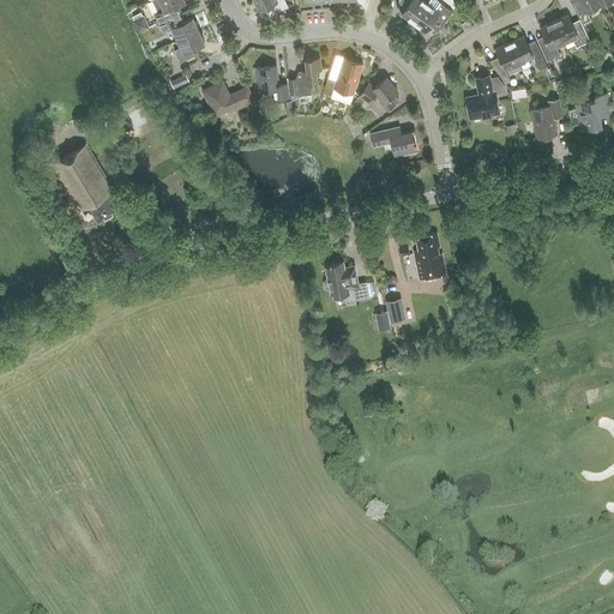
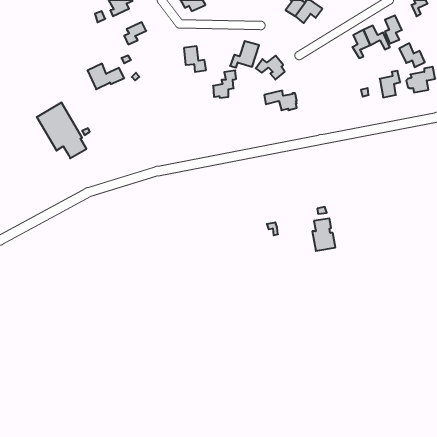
building: [158,12,199,41] -> none
building: [554,14,590,48] -> [399,43,425,67]
building: [289,58,321,96] -> [213,70,236,98]
building: [466,76,505,118] -> none
building: [203,80,254,116] -> [87,64,124,89]
building: [414,233,446,278] -> [312,218,335,251]
building: [324,260,368,299] -> none

